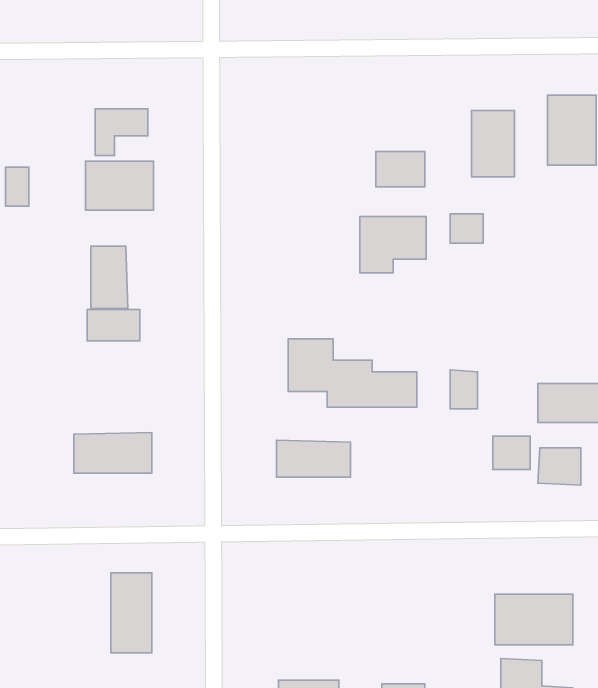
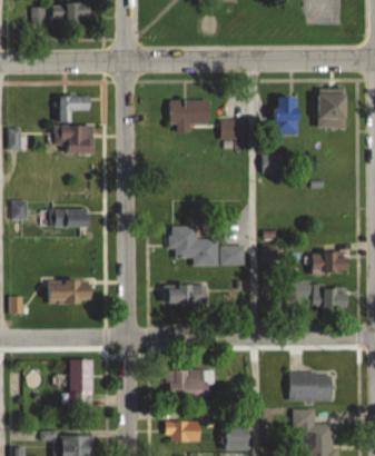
building: [360,216,426,273] -> [171,99,209,131]
building: [91,246,128,309] -> none
building: none -> [169,369,214,396]

